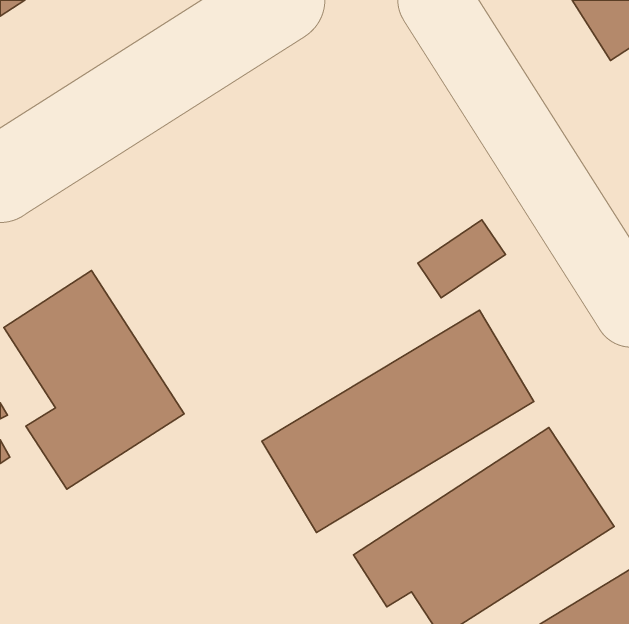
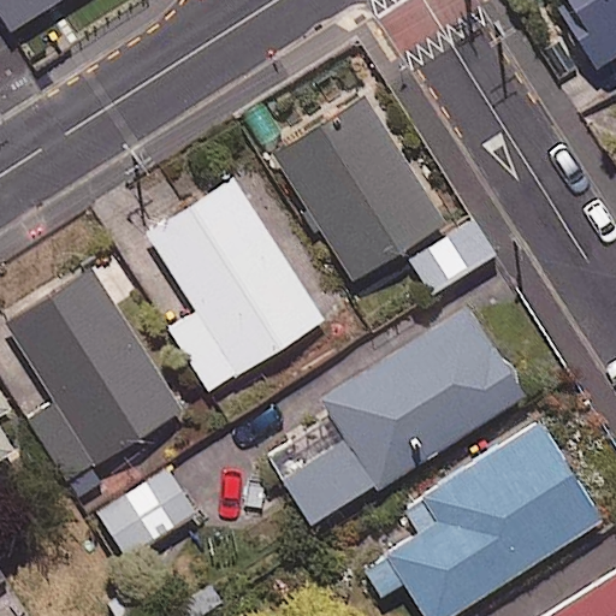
building: none -> [274,95,444,279]
building: none -> [149,182,322,395]
building: none -> [96,469,195,561]

